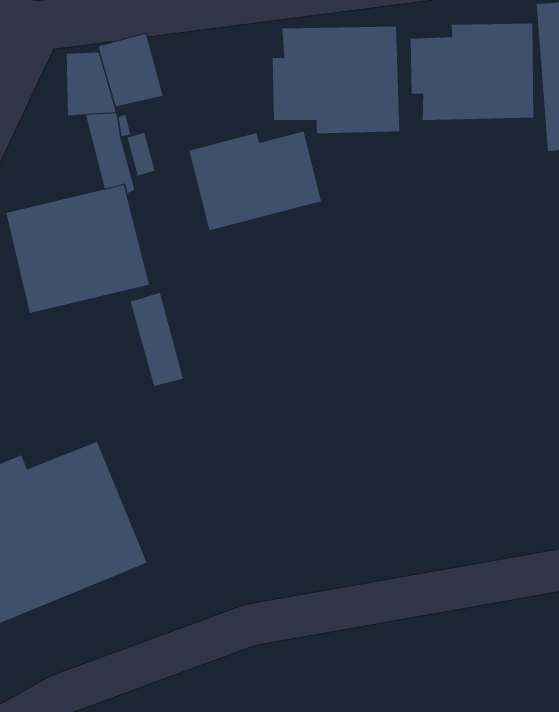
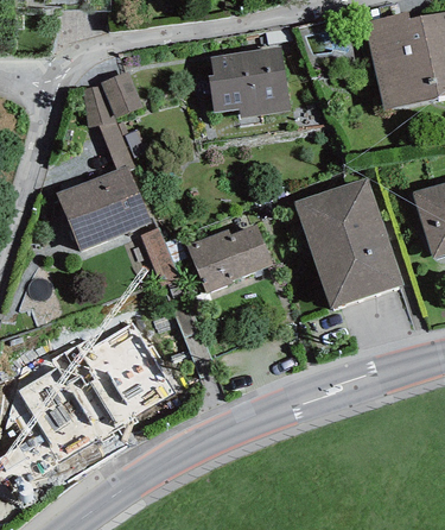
building: [410,23,534,121] -> none
building: [189,131,322,231] -> [186,223,272,292]
building: none -> [293,177,402,309]

